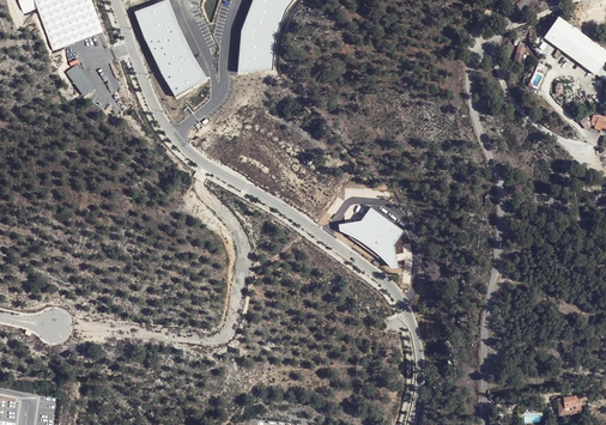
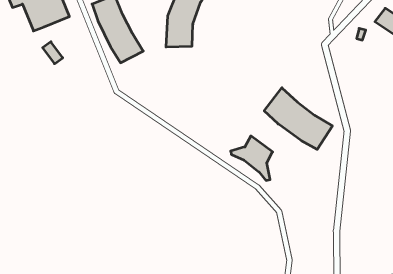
building: none -> [264,88,332,149]

